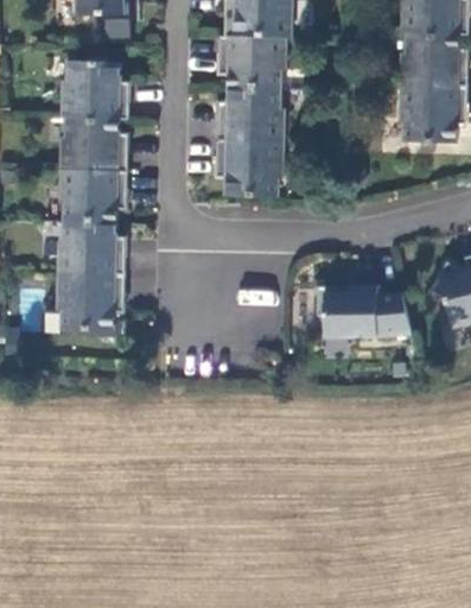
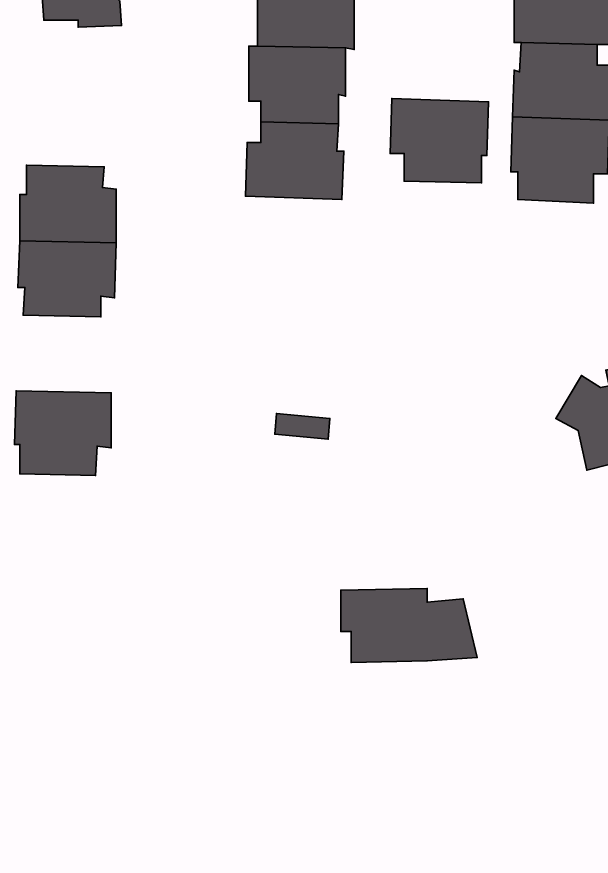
building: [62,61,128,120] -> none
building: [215,139,282,197] -> [390,98,488,183]
building: [58,221,125,274] -> none
building: [317,285,410,336] -> [341,588,477,663]

